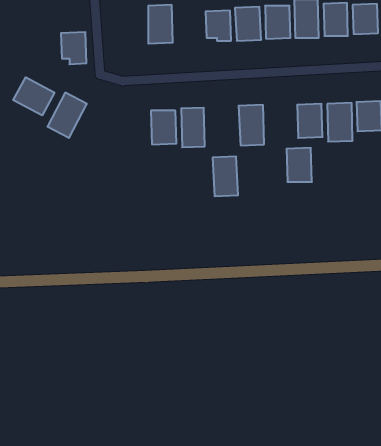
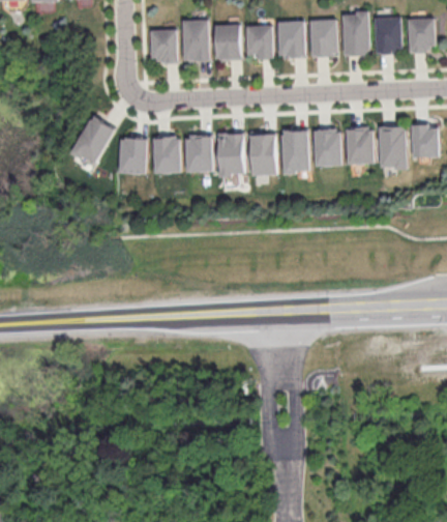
building: none -> [214,24,241,60]
building: [61,32,86,64] -> [149,29,177,64]
building: [13,77,54,115] -> none
building: none -> [119,137,147,173]
building: none -> [153,137,181,173]
building: [286,148,312,182] -> [314,128,341,166]
building: [213,157,238,196] -> [249,132,277,175]

